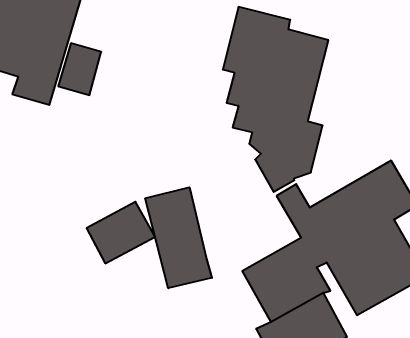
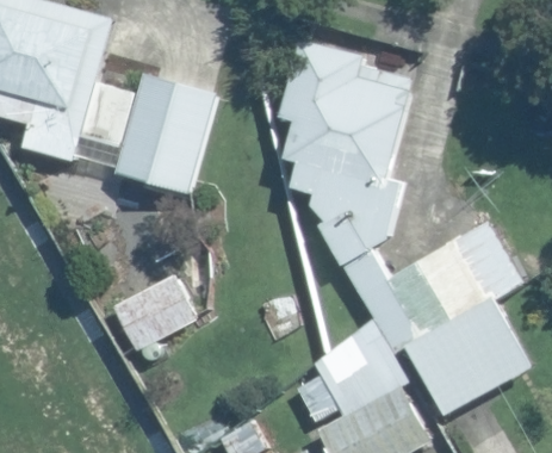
building: none -> [119,76,212,191]
building: [145,187,212,288] -> none

